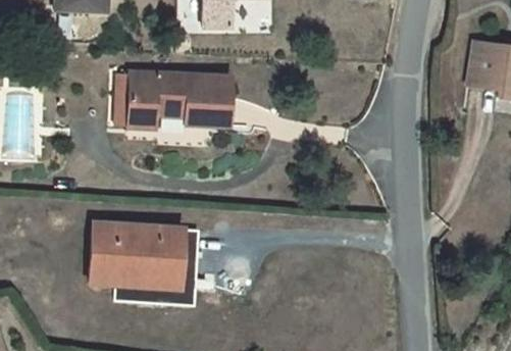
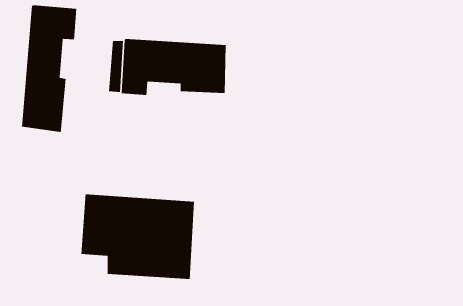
building: none -> [21,5,77,133]

